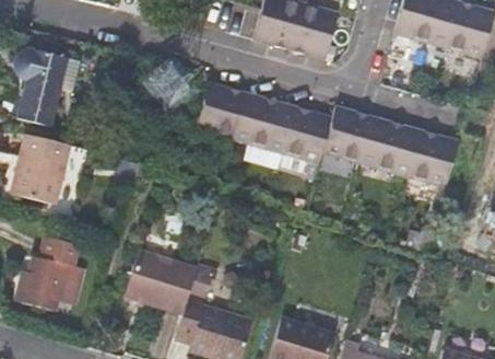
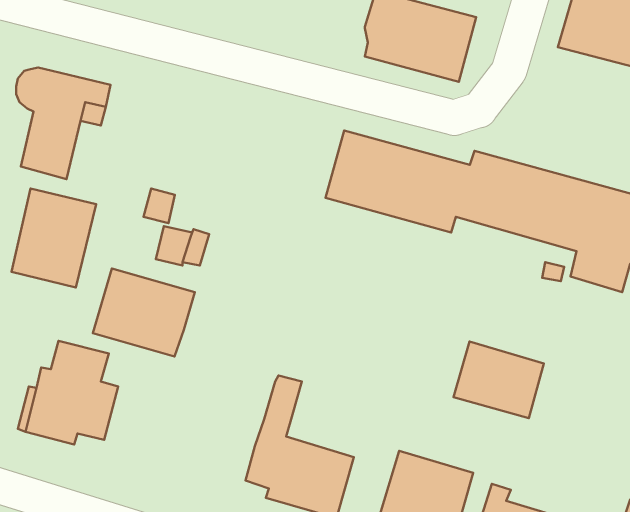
building: [196,82,245,139] -> none
building: none -> [454,342,544,418]
building: [126,251,197,312] -> [93,269,195,357]

